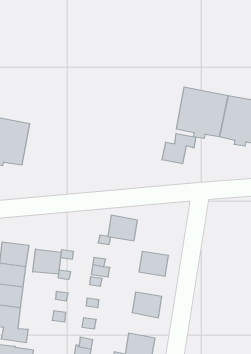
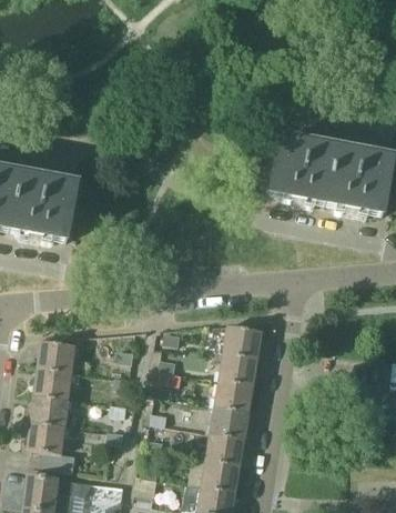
building: [162,133,196,164] -> none
building: [108,215,137,241] -> [223,323,262,356]
building: [33,249,61,274] -> none
building: none -> [214,378,253,410]
building: none -> [205,431,244,464]

